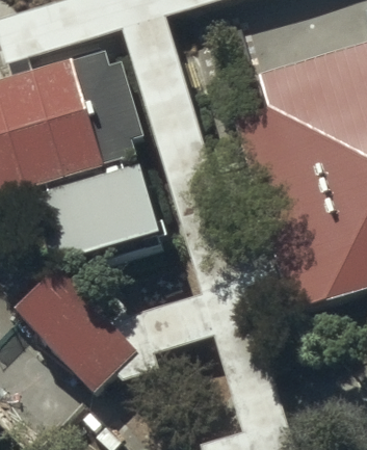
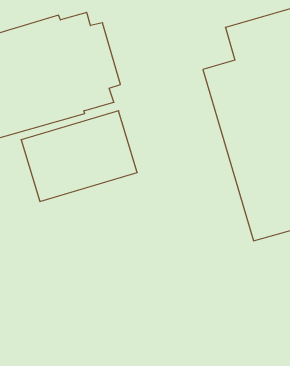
building: [21,268,137,388] -> none

